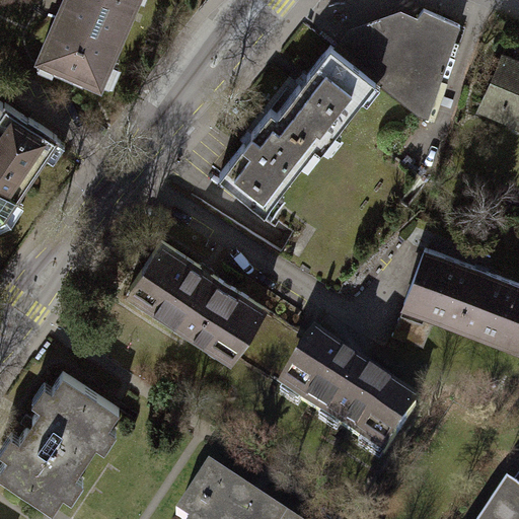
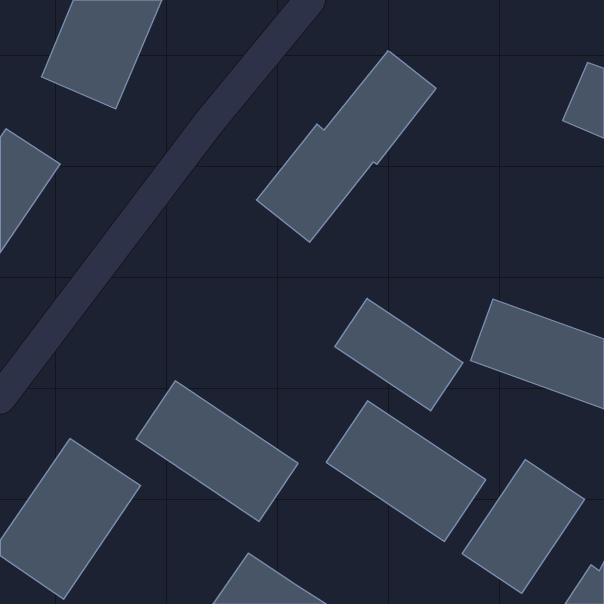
building: [335,8,460,114] -> none
building: [128,245,267,366] -> [136,381,298,522]
building: none -> [335,298,463,411]
building: none -> [462,460,585,593]

